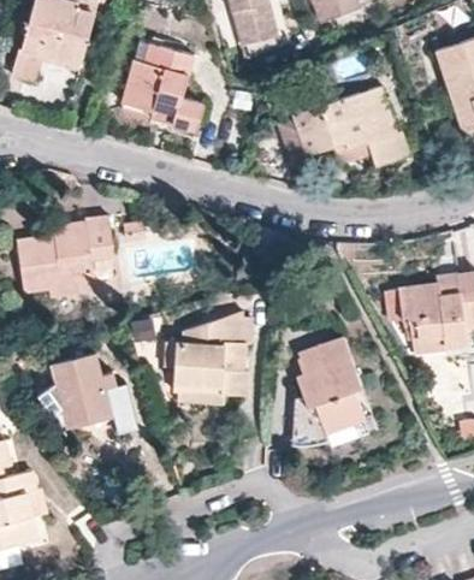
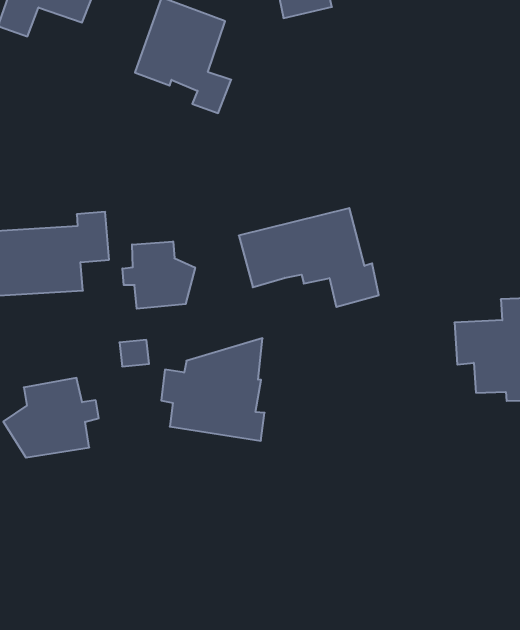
building: [292,87,409,167] -> [239,208,379,307]
building: none -> [122,241,195,309]
building: [294,336,365,449] -> none

